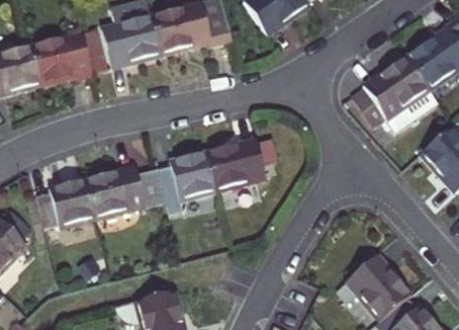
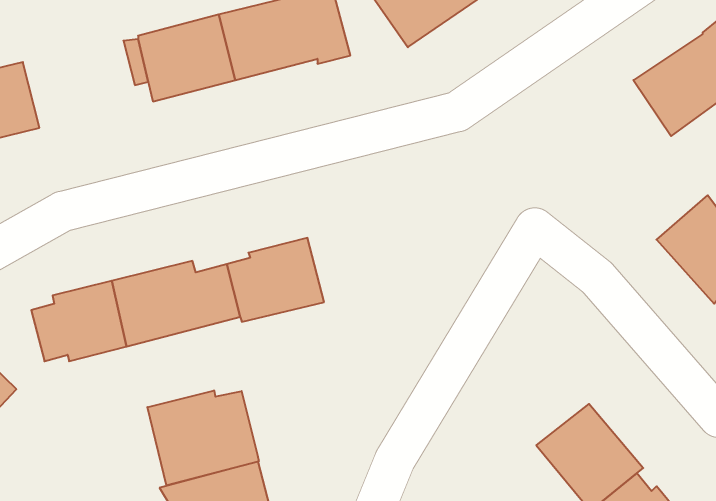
building: [31,29,92,83] -> none
building: [355,54,430,125] -> none
building: [206,138,266,190] -> none
building: none -> [147,390,259,485]

